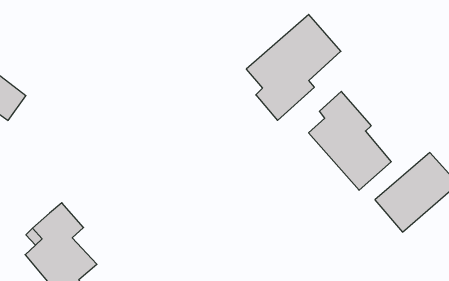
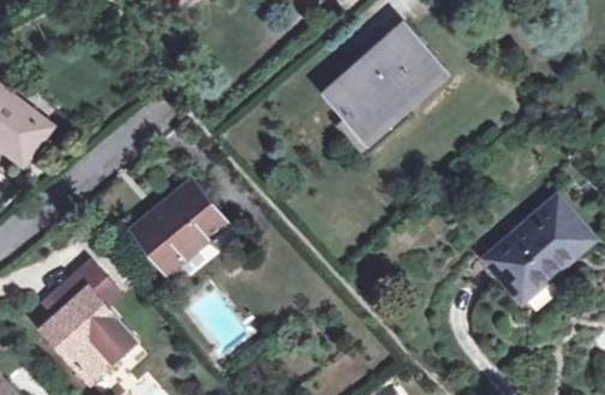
building: [309,91,391,190] -> none
building: none -> [133,181,224,270]

